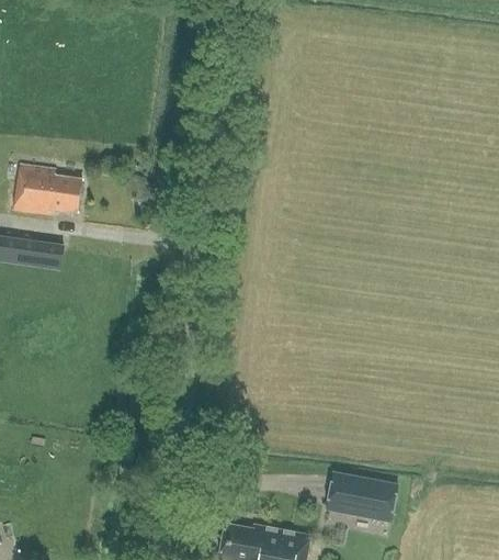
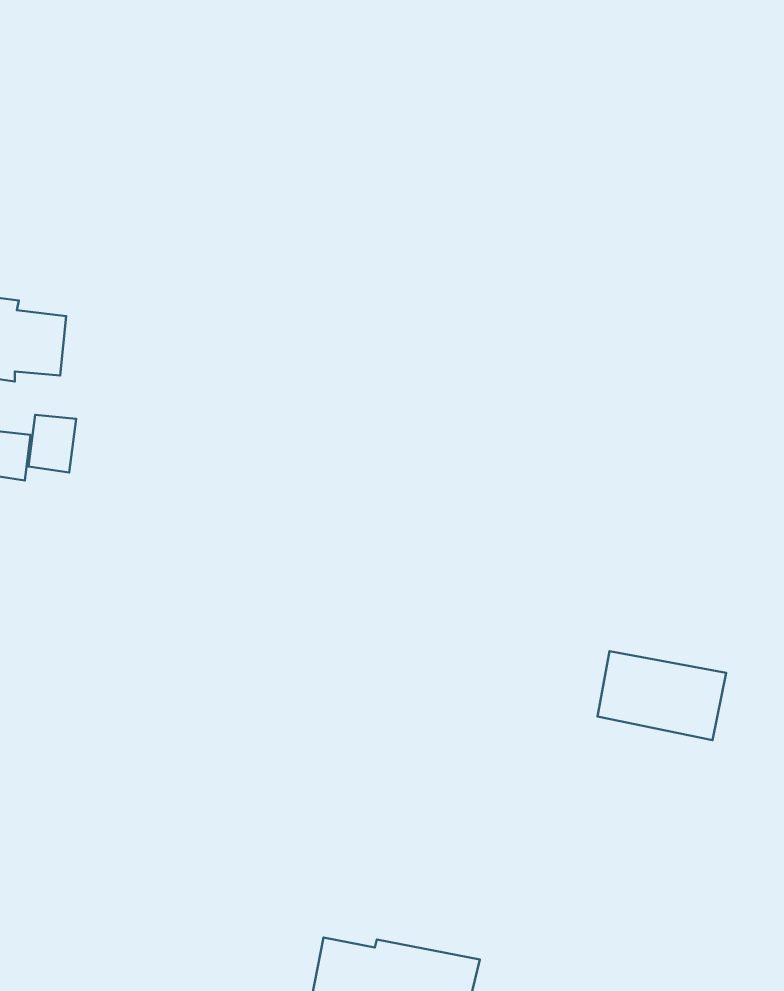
building: none -> [29,415,76,473]
building: [326,472,397,522] -> [598,651,726,740]

